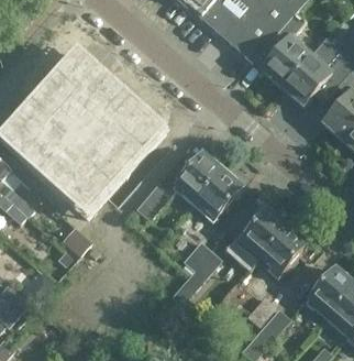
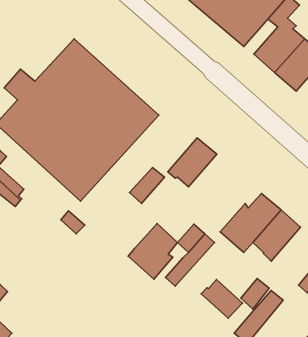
building: [196,169,244,221] -> none
building: none -> [128,224,178,279]
building: none -> [201,280,242,318]

